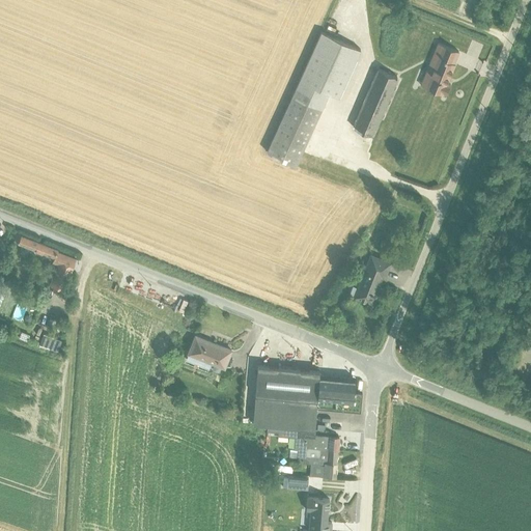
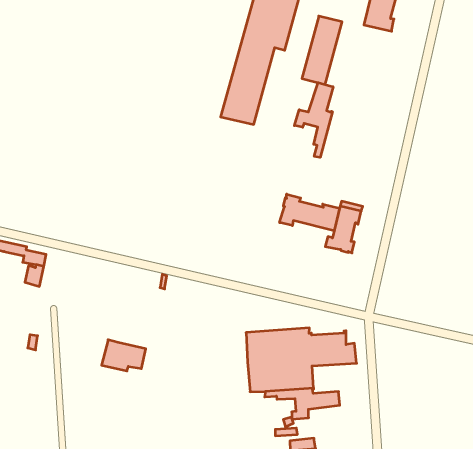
building: none -> [294,83,333,157]
building: none -> [280,194,340,231]
building: [185,335,230,368] -> [102,340,146,371]
building: [305,450,337,478] -> none

